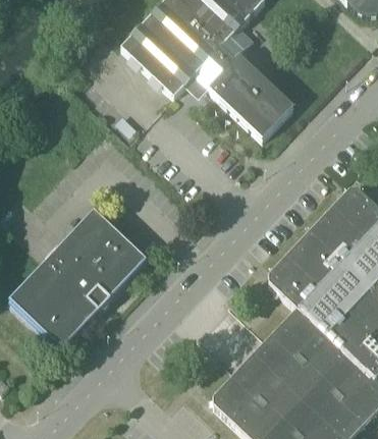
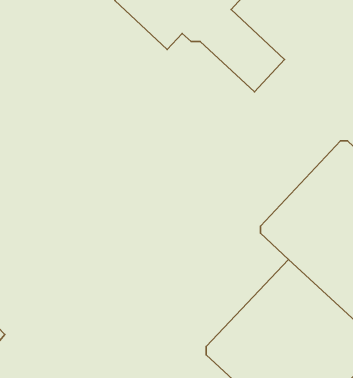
building: [9,208,148,349] -> none

